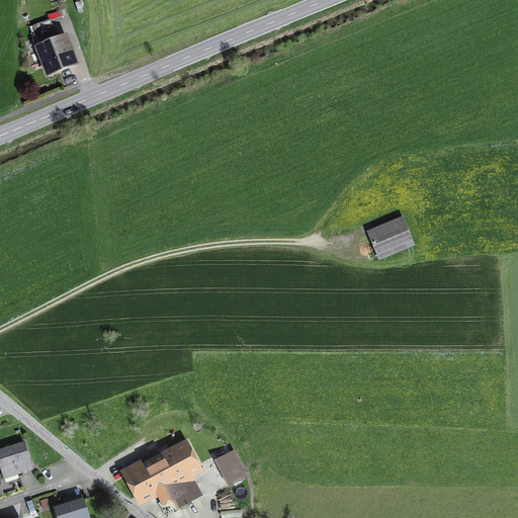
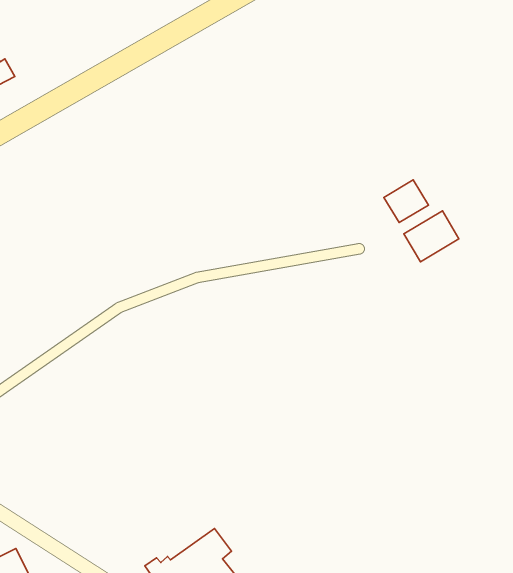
building: none -> [384,180,428,223]
building: [218,452,243,482] -> none

